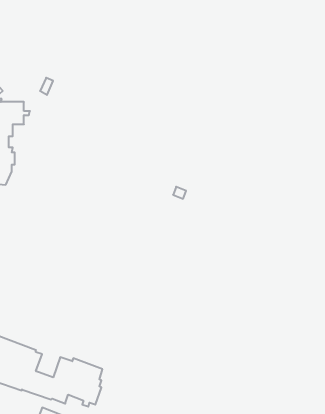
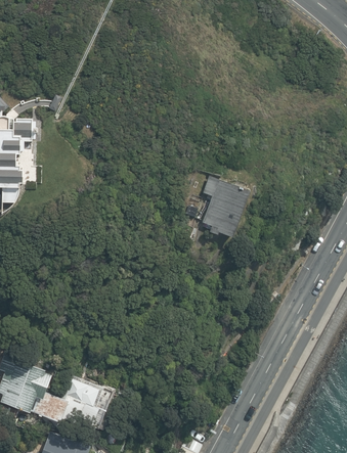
building: none -> [202,176,249,237]

